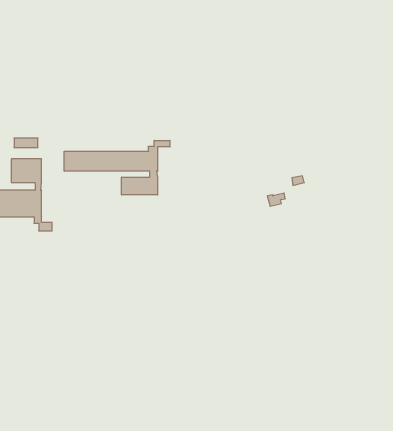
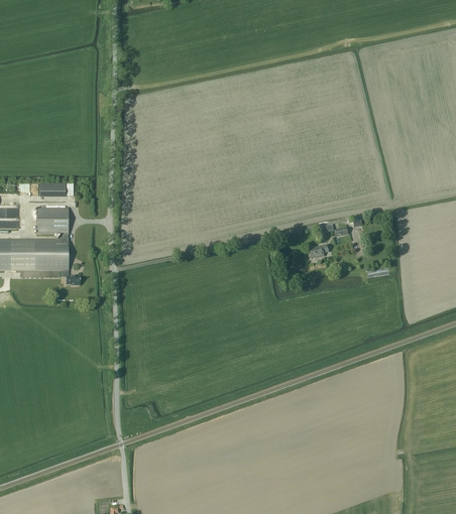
building: [64,140,170,195] -> none

